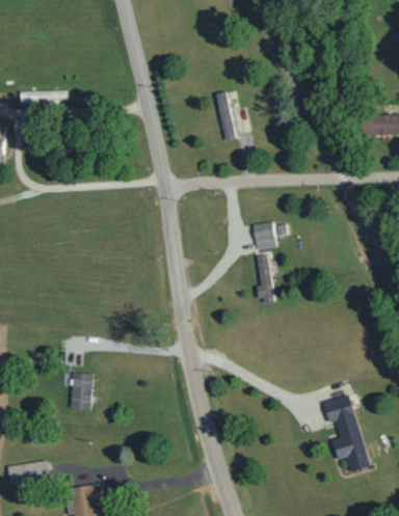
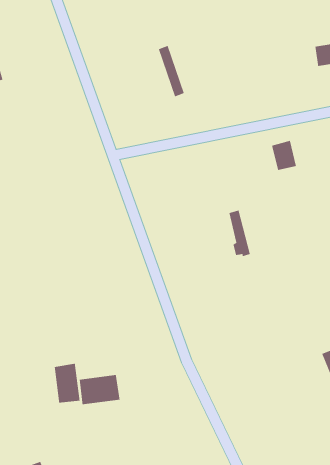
building: [254,222,274,249] -> [271,140,297,171]
building: none -> [79,374,121,405]

